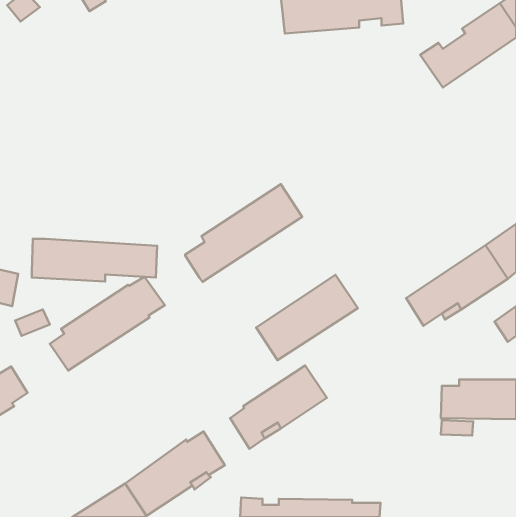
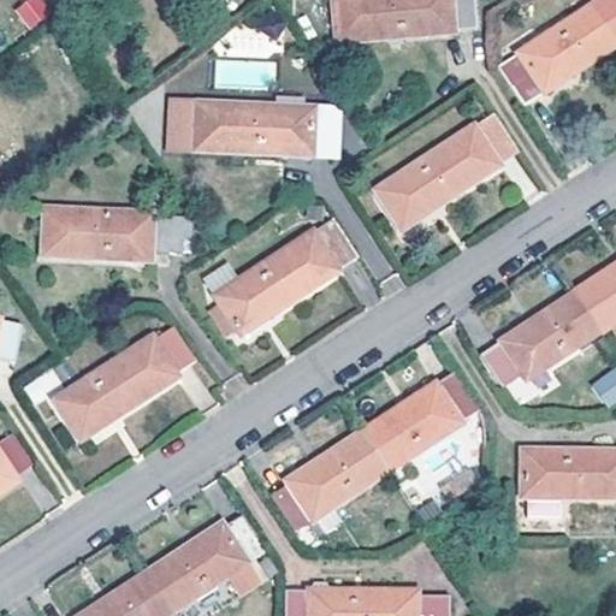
building: none -> [170,101,337,158]
building: none -> [380,112,519,229]
building: [32,239,157,282] -> [43,208,191,259]
building: [256,275,358,360] -> [361,369,481,470]

